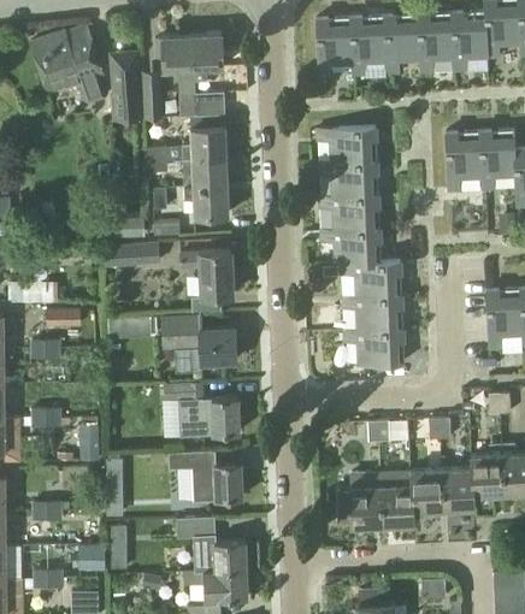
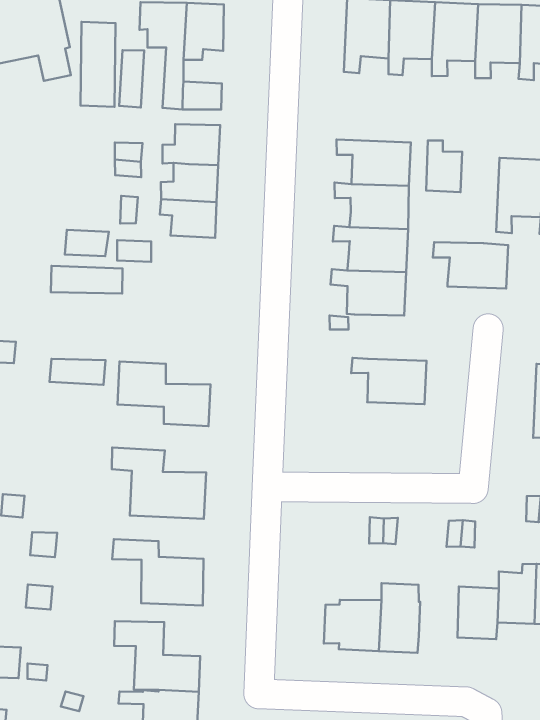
building: none -> [426,140,462,192]
building: [179,250,232,296] -> none
building: [342,262,401,299] -> [433,242,508,288]
building: [344,330,403,366] -> none
building: [409,470,443,510] -> none

